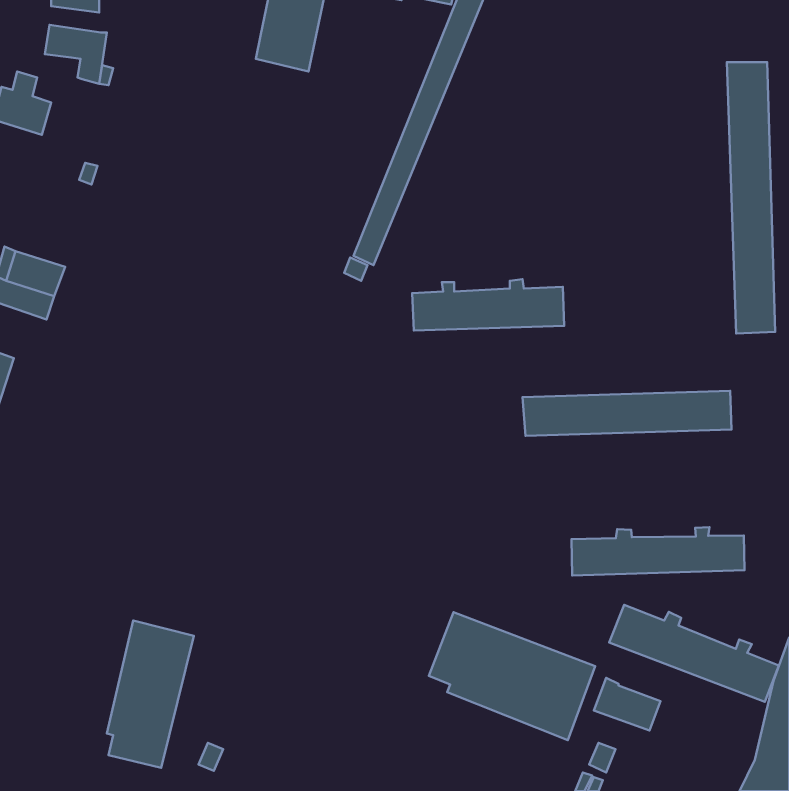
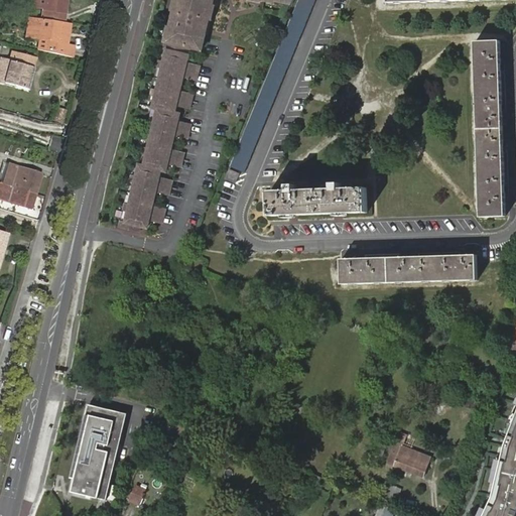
building: none -> [118,50,197,232]
building: [571,527,744,575] -> none
building: [609,605,779,702] -> none
building: [429,612,595,740] -> none

